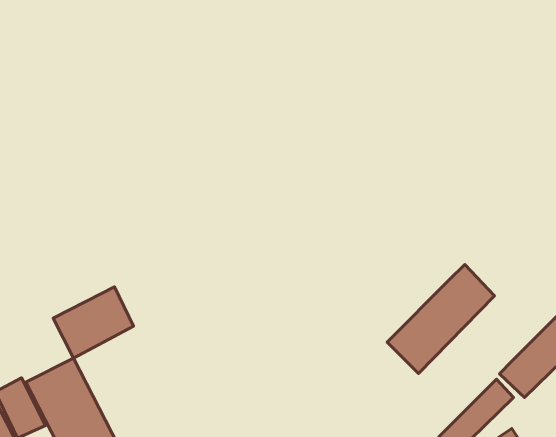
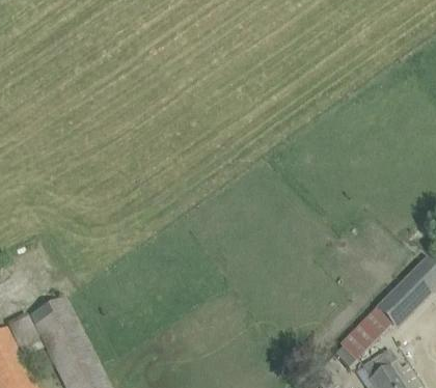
building: [387,264,495,373] -> none
building: [53,287,134,358] -> none

